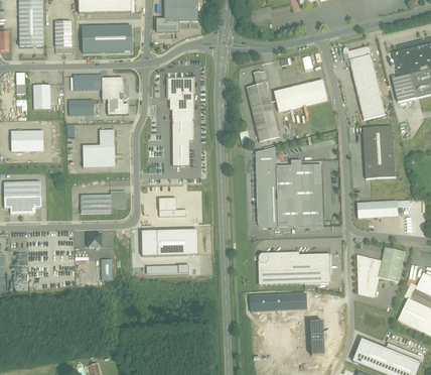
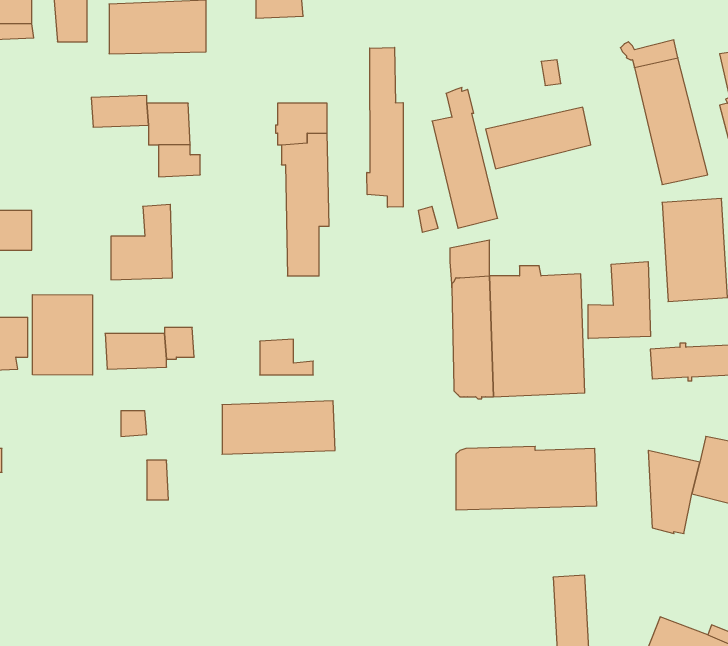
building: none -> [367,47,403,207]
building: [32,84,50,109] -> none
building: [68,100,94,116] -> none
building: none -> [588,262,650,339]
building: none -> [33,295,92,375]
building: [249,291,306,310] -> none

